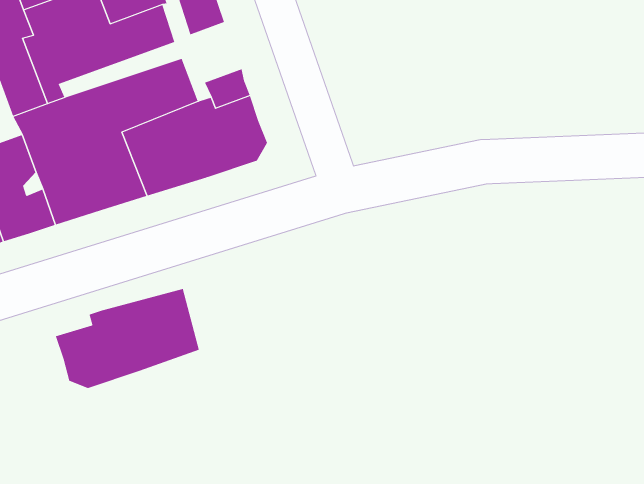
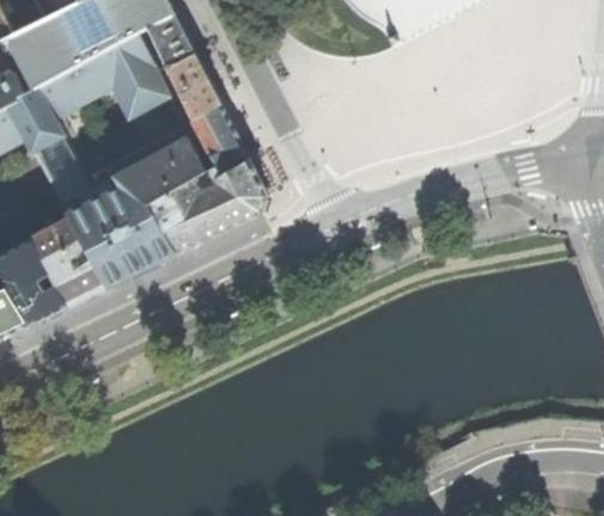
building: none -> [189,105,236,155]
building: [55,288,200,389] -> none

